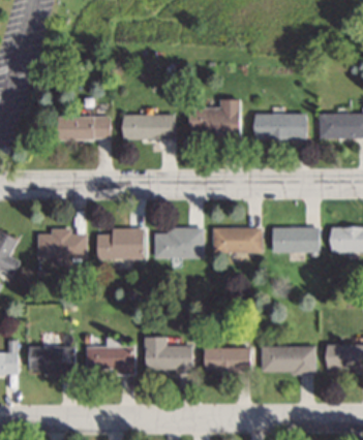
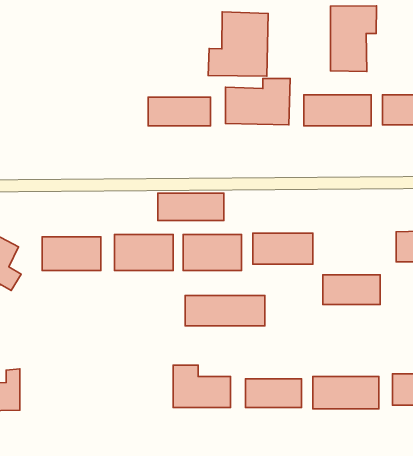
building: none -> [331,6,377,72]
building: none -> [208,12,268,76]
building: [56,117,111,139] -> [158,193,224,221]
building: [271,227,319,252] -> [323,275,380,305]
building: none -> [185,295,265,326]
building: [28,347,74,374] -> none
building: [87,347,133,375] -> none

